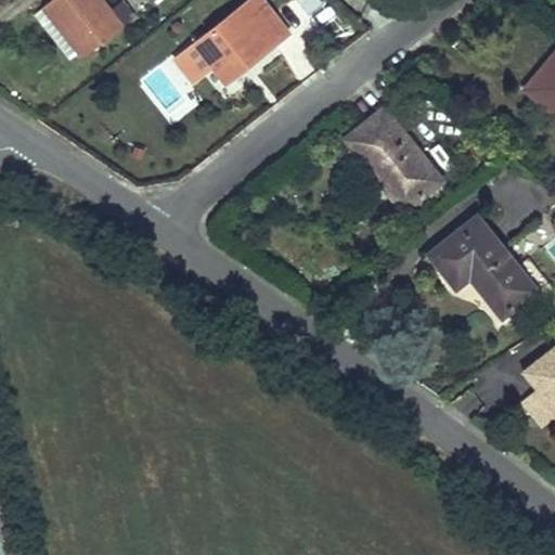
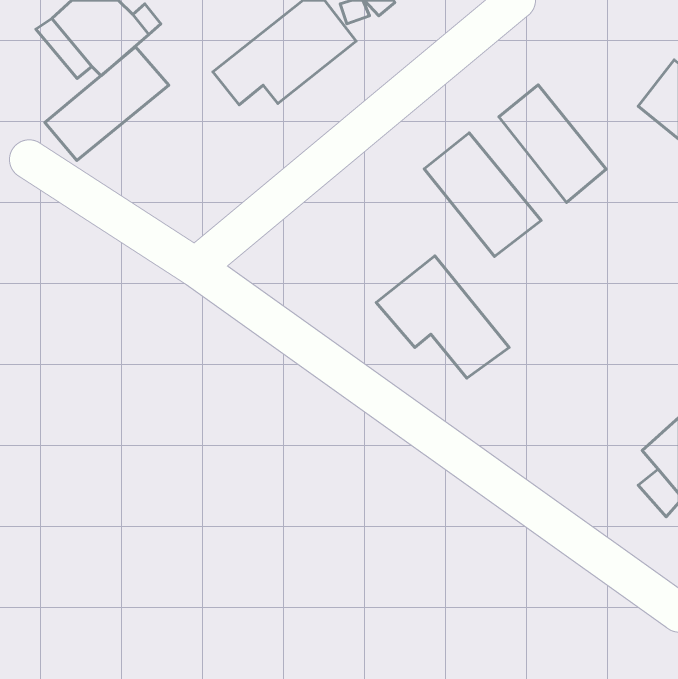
building: none -> [45,47,169,161]
building: none -> [499,85,606,202]
building: [430,215,539,314] -> [376,256,509,378]

